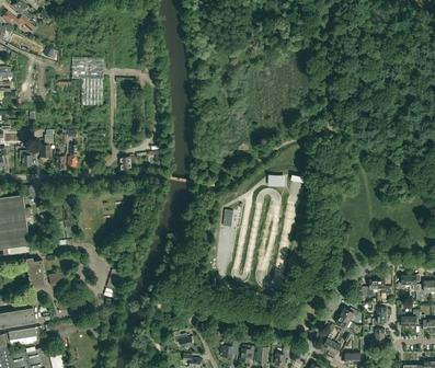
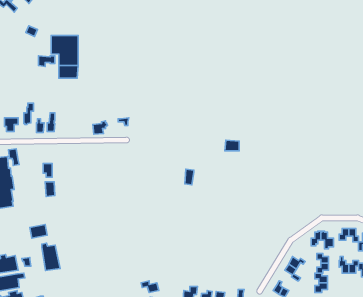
building: [26,257,47,288] -> [42,243,60,270]

